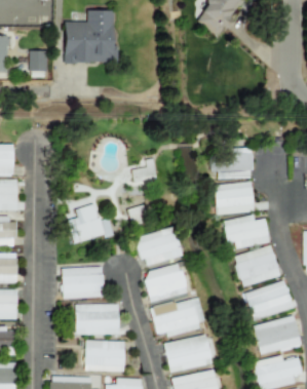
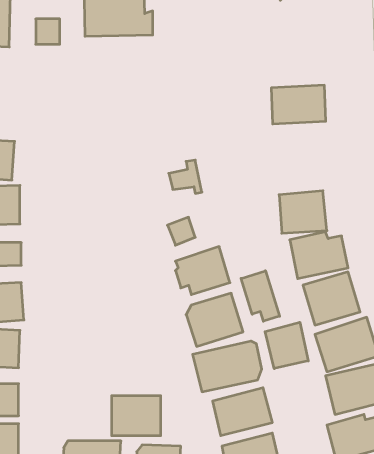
building: [209,149,252,179] -> [271,85,326,124]
building: [67,202,114,248] -> none
building: none -> [241,271,280,321]
building: [60,267,103,298] -> none
building: none -> [265,322,308,369]
building: [76,304,119,335] -> none

